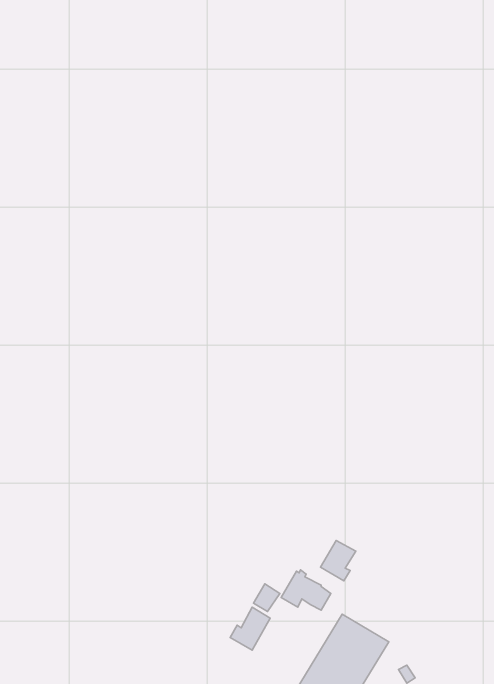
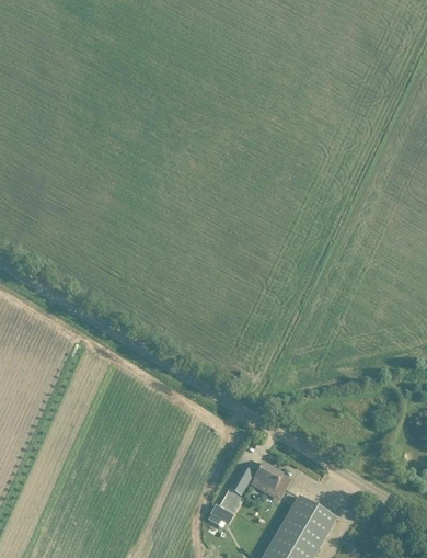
building: [321,540,356,581] -> none

